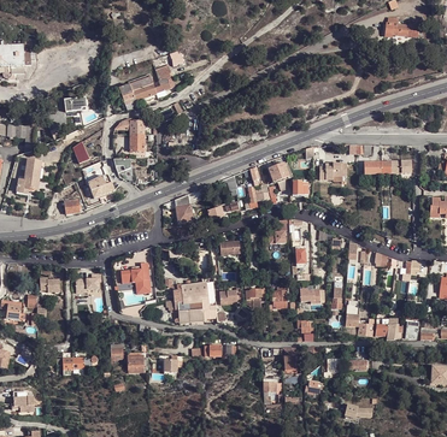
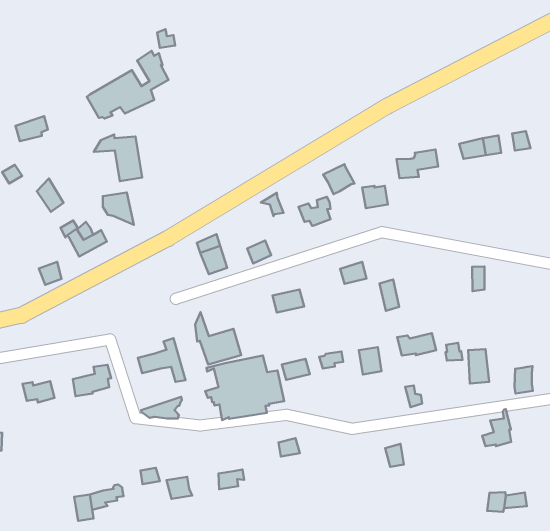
building: none -> [195,312,241,365]

